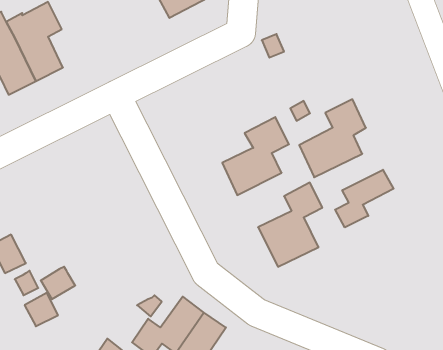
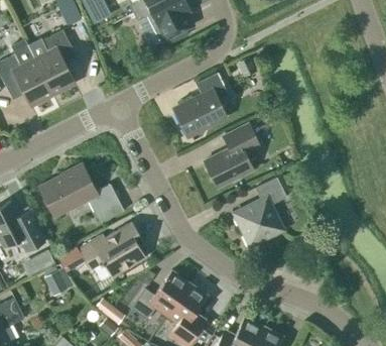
building: [299,99,366,177] -> [174,73,229,136]
building: none -> [39,164,124,224]
building: [335,170,394,227] -> none
building: none -> [80,224,144,276]

